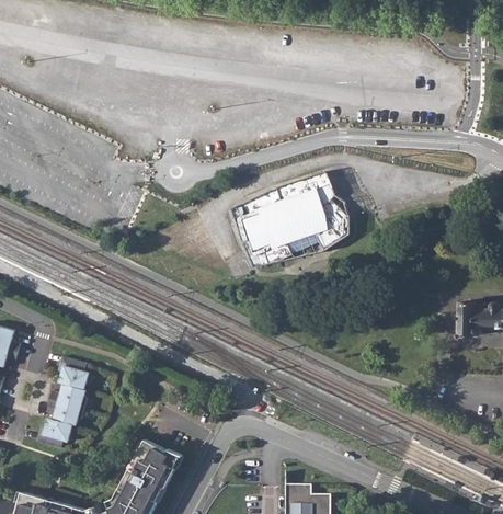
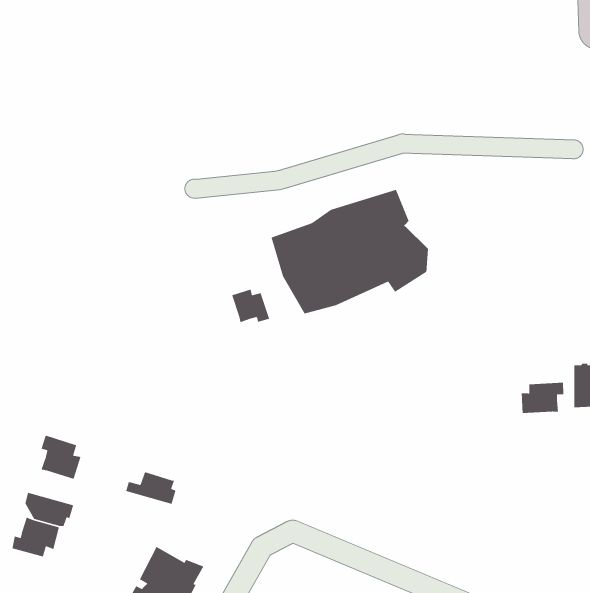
building: none -> [231,288,270,323]
building: none -> [521,382,564,414]
building: [48,384,87,409] -> [125,471,177,505]

